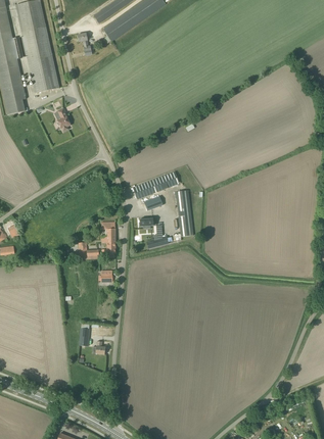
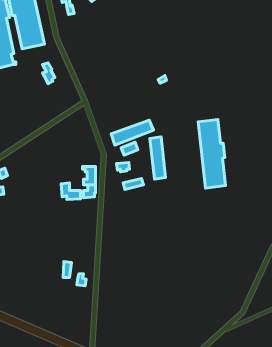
building: none -> [198,120,226,188]

